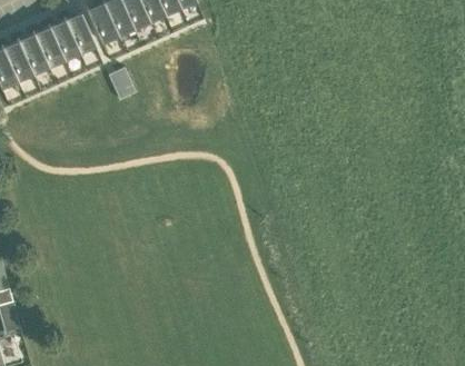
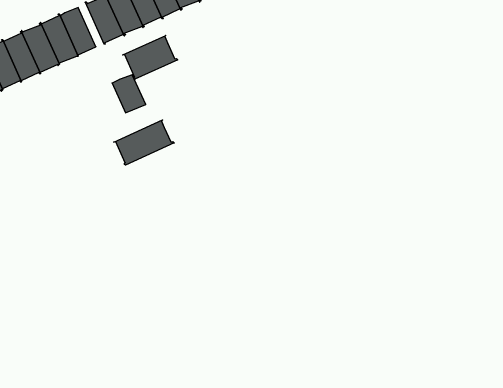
building: none -> [123,35,178,79]
building: none -> [114,120,174,165]

